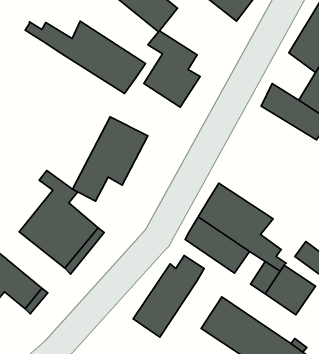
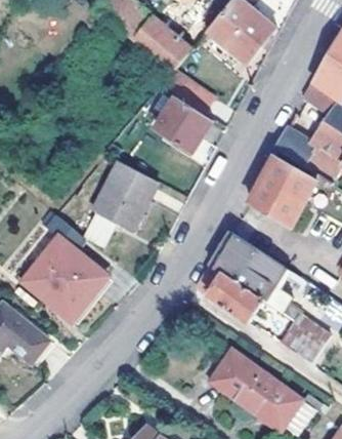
building: [25,21,146,94] -> none
building: none -> [248,156,316,226]
building: [133,256,204,337] -> none

